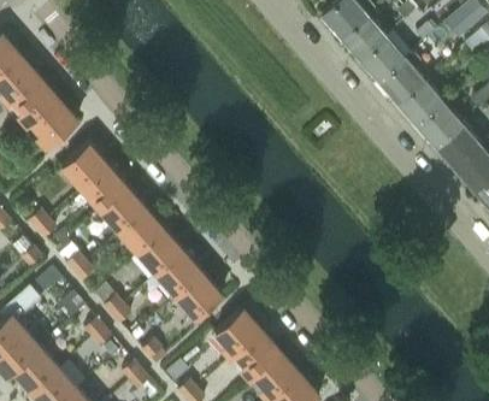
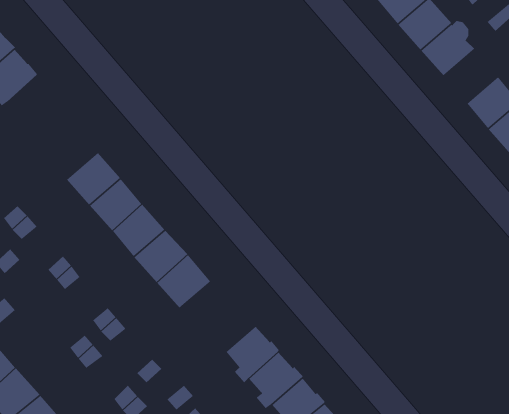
building: [397,78,443,124] -> none
building: [31,100,76,147] -> none
building: [63,143,107,188] -> none
building: [176,273,220,317] -> none

